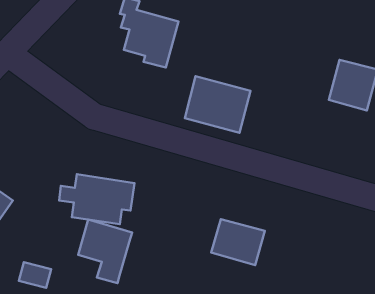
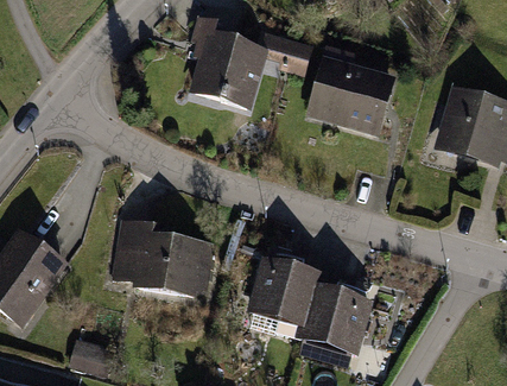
building: none -> [271,36,316,74]
building: [185,76,250,133] -> [311,61,391,129]
building: [78,220,132,283] -> [253,261,318,338]

